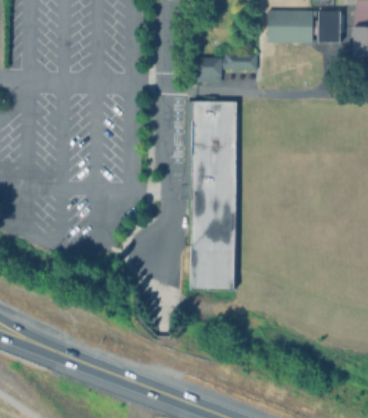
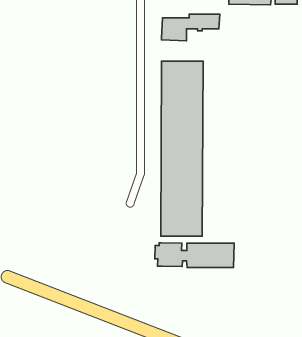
building: none -> [155,243,234,267]

